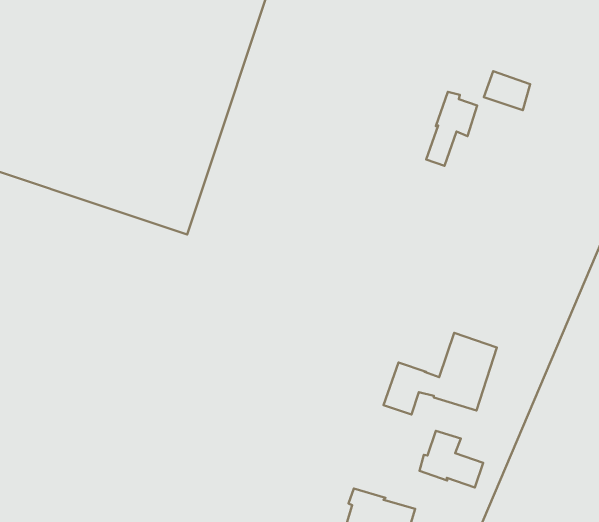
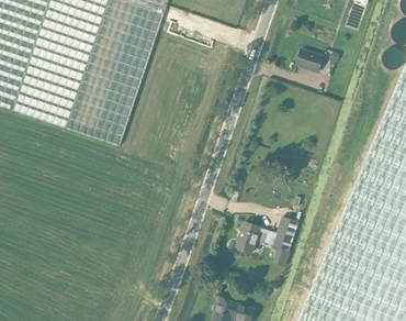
building: [426,92,477,166] -> none
building: [419,431,483,488] -> none

